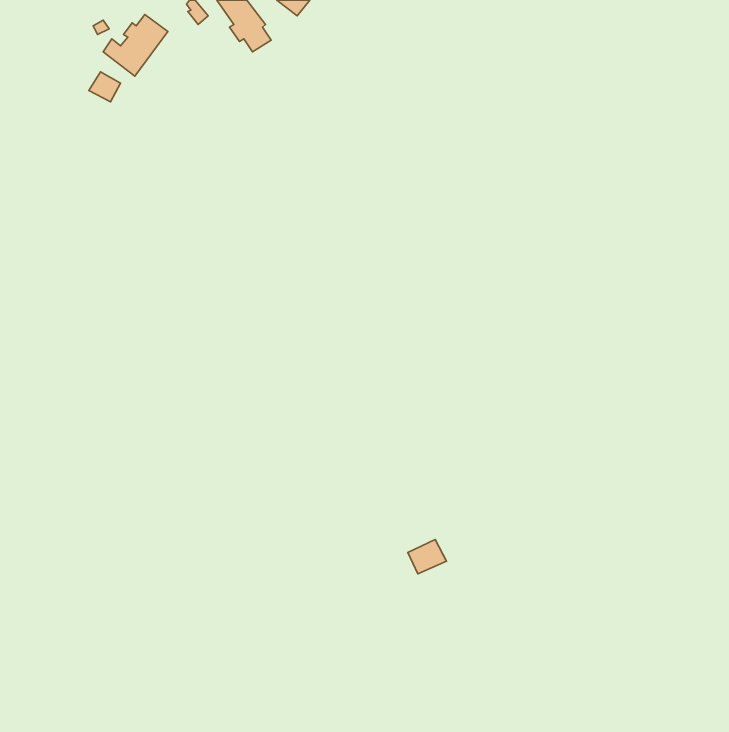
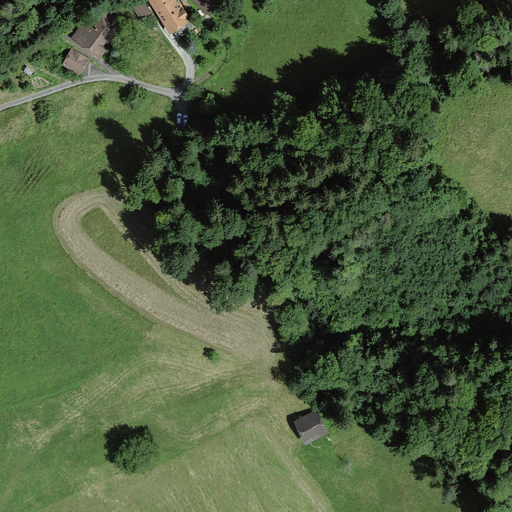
building: [408,540,447,574] -> [296,414,323,438]

